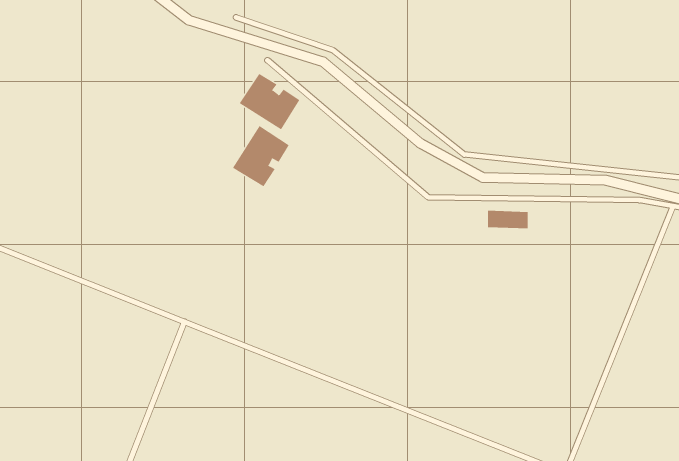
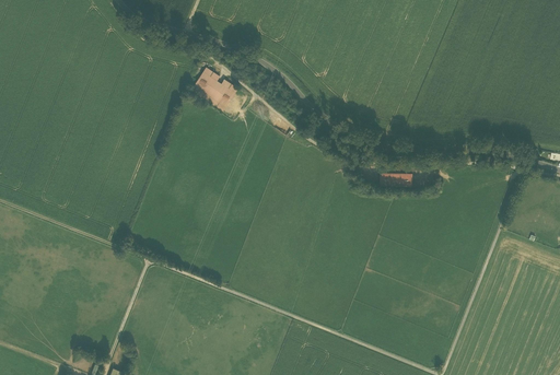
building: [232,125,289,187] -> none

